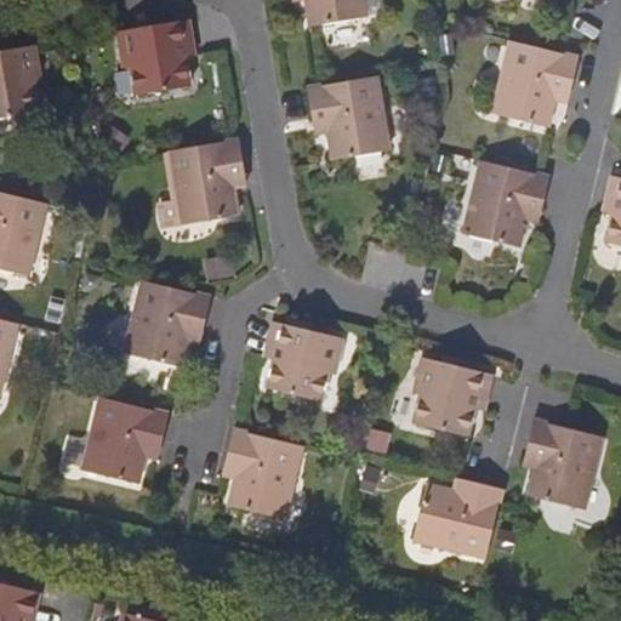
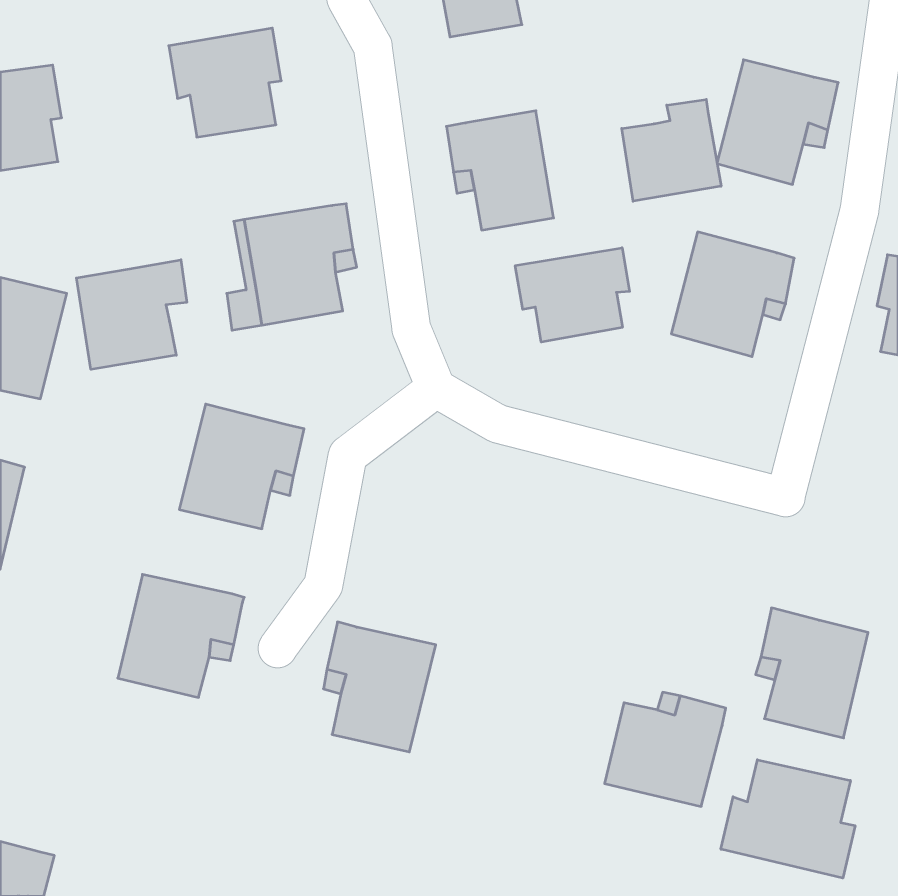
building: none -> [622,99,721,201]
building: none -> [515,248,630,342]
building: none -> [76,260,187,369]
building: [266,321,343,400] -> none
building: [412,357,491,435] -> none
building: none -> [721,760,855,878]

